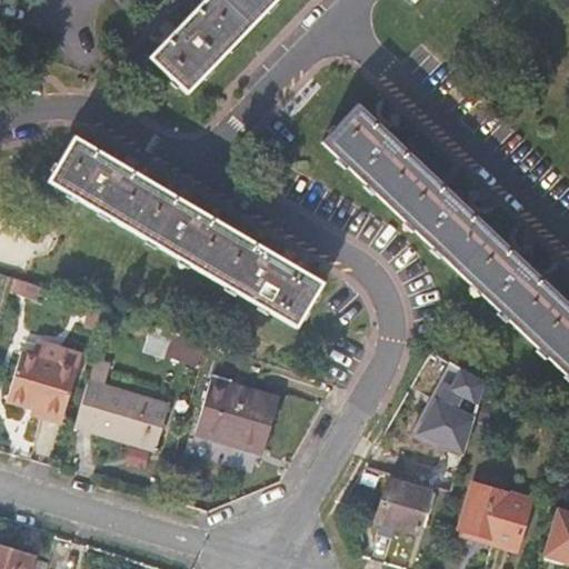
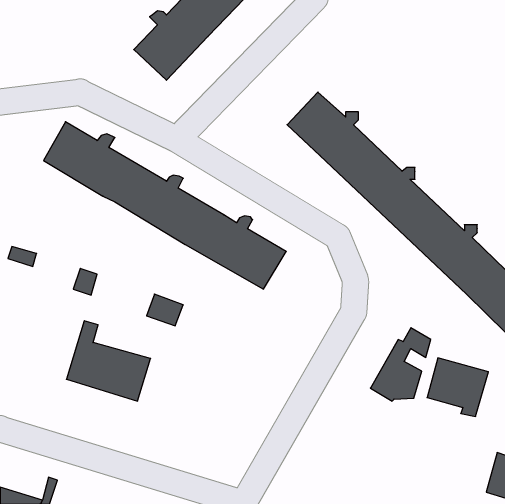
building: [8,350,78,415] -> none
building: [196,377,280,451] -> none
building: [376,477,437,531] -> none
building: [461,481,530,547] -> [427,358,488,416]

